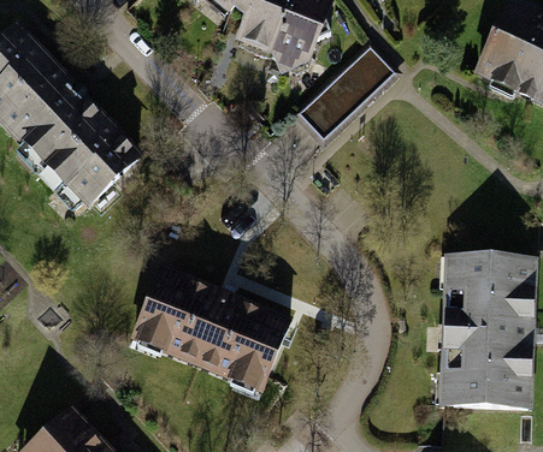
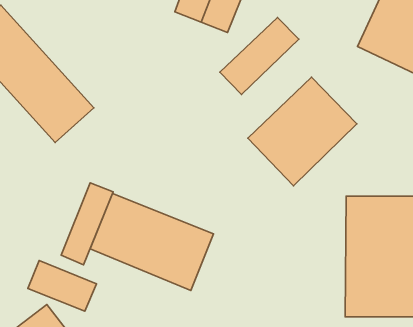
building: none -> [248,77,357,186]
building: none -> [61,183,113,265]
building: none -> [28,260,96,311]

